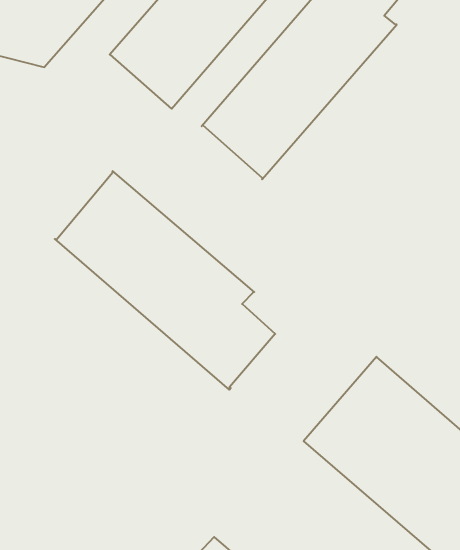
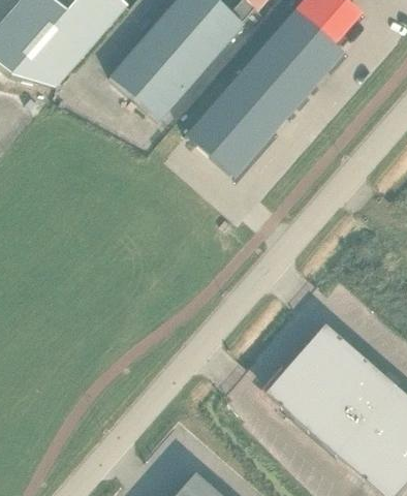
building: [55,171,275,390] -> none

